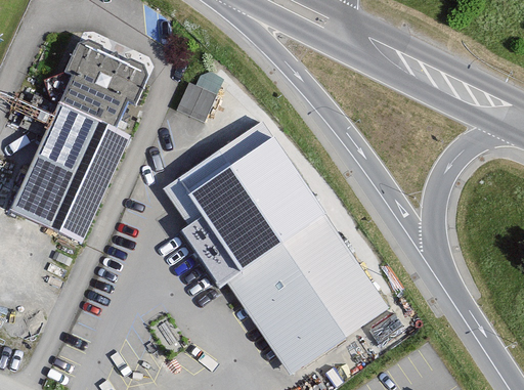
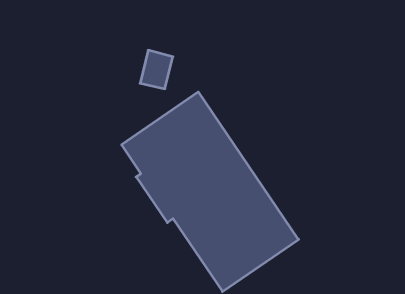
building: [12,35,150,244] -> none

